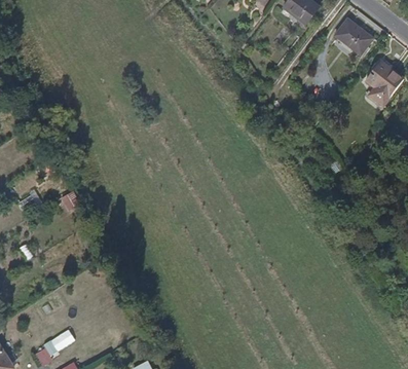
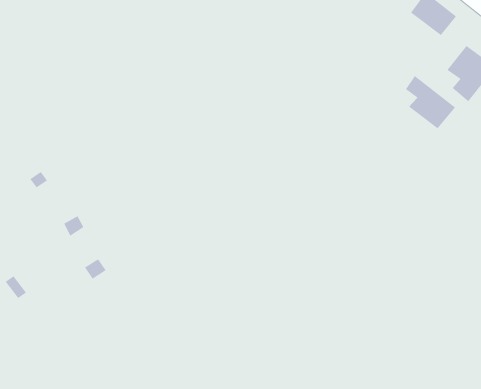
building: none -> [405,75,456,129]

